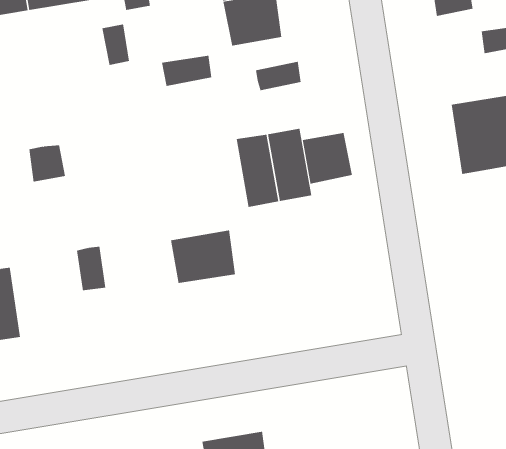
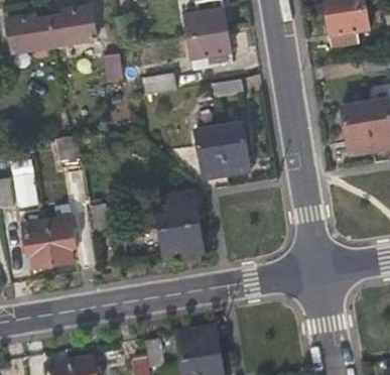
building: [302,132,353,184] -> none
building: none -> [45,202,75,263]
building: none -> [158,221,203,258]

